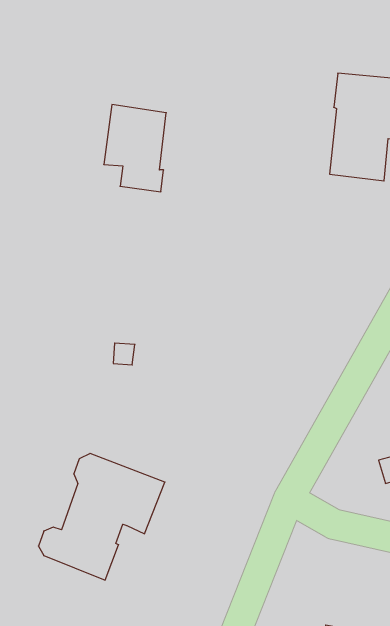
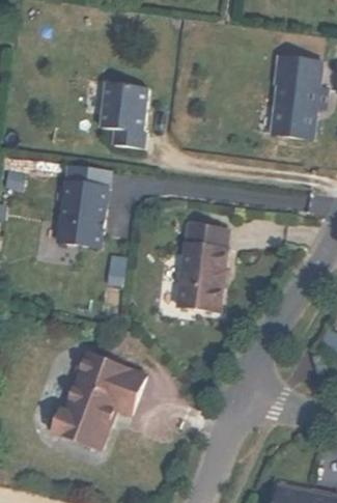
building: none -> [58,183,106,247]
building: none -> [178,224,229,311]

